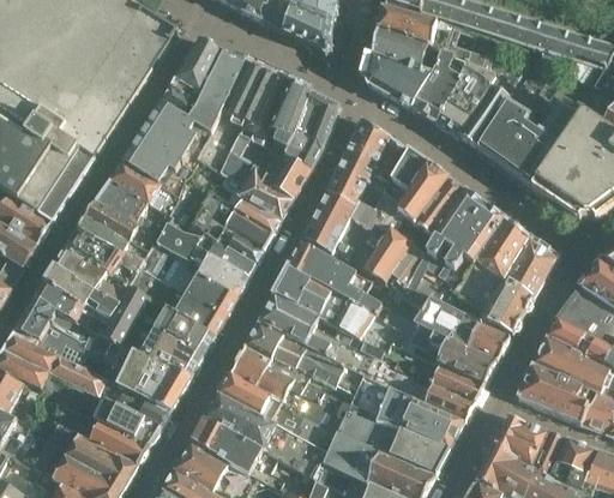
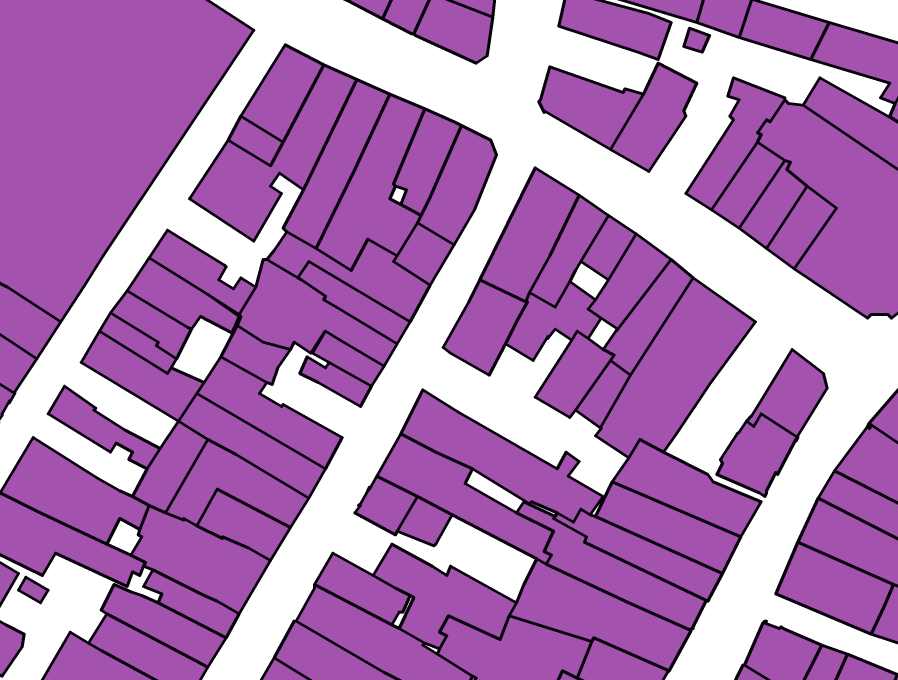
building: [372,26,429,70] -> none
building: [437,48,502,136] -> none
building: [122,139,179,182] -> none
building: [455,220,530,310] -> none
building: [289,241,383,316] -> none
building: [55,246,130,302] -> none
building: [182,246,248,295] -> none
building: [35,280,86,322] -> none
building: [230,344,271,385] -> none
building: [297,346,363,391] -> none

